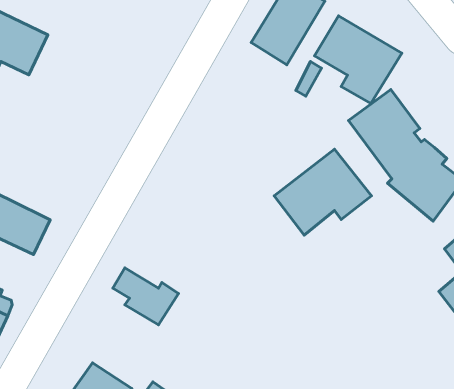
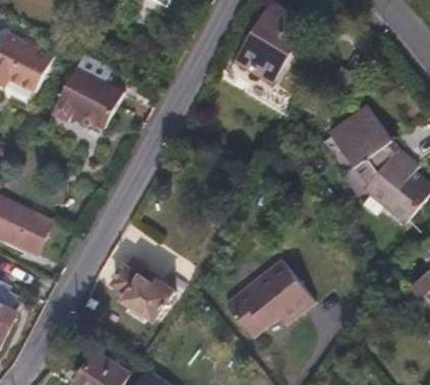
building: [315,16,402,103] -> none
building: none -> [53,63,125,127]
building: [274,149,371,235] -> [224,260,312,338]

